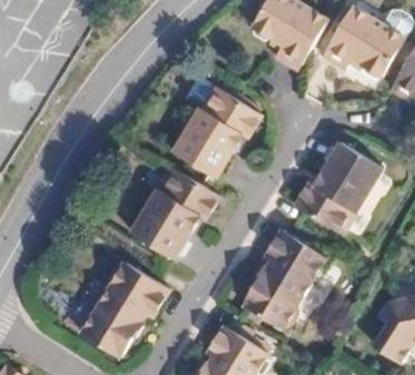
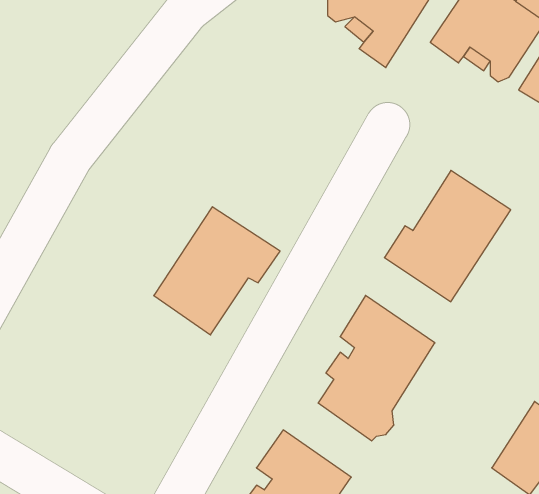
building: [174,86,263,176] -> none
building: [70,256,165,349] -> none

